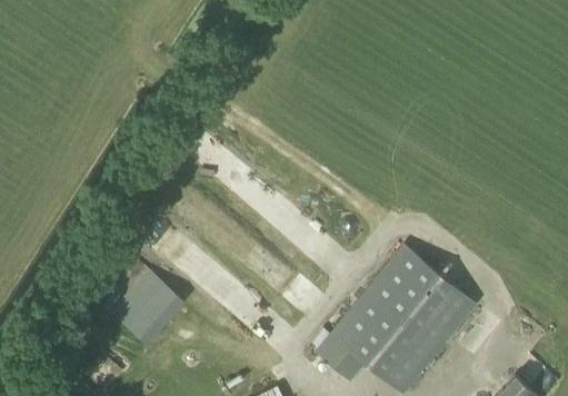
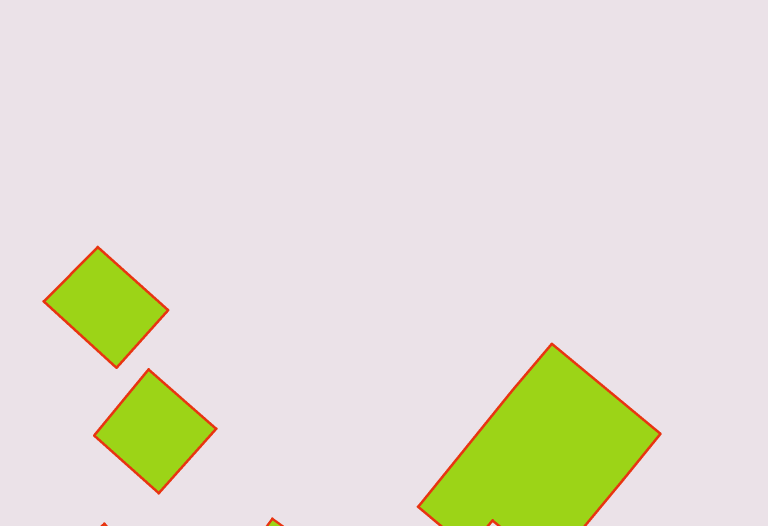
building: none -> [44,247,168,368]

